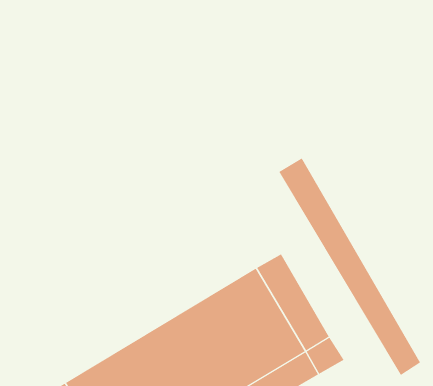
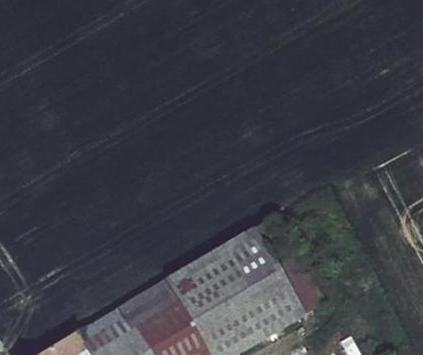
building: [279,157,421,376] -> none

